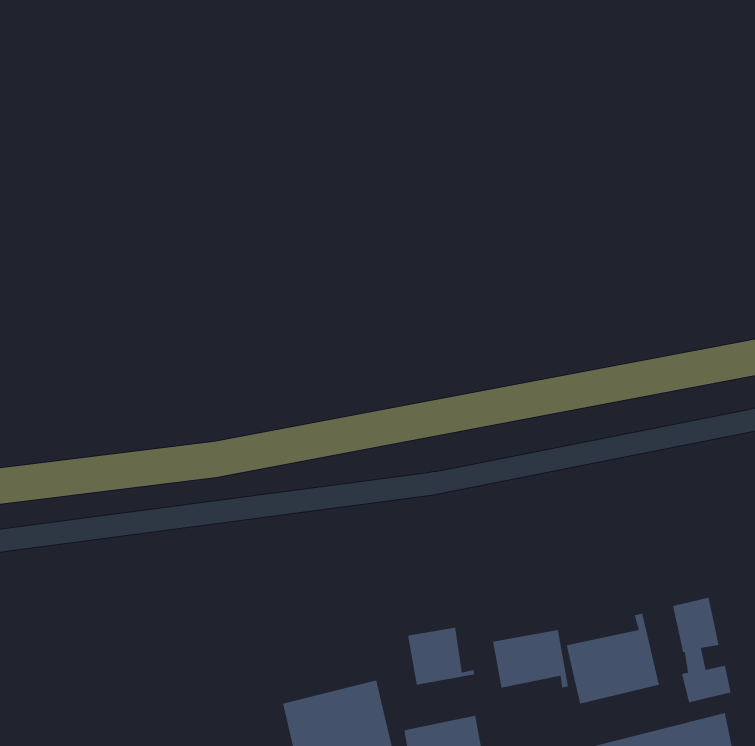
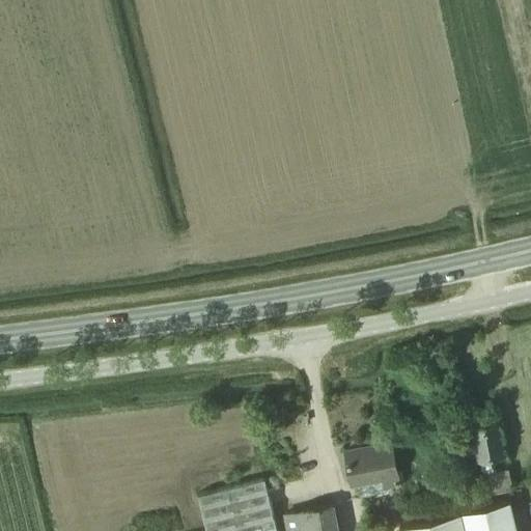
building: [566,613,660,704] -> none
building: [407,627,475,685] -> none

